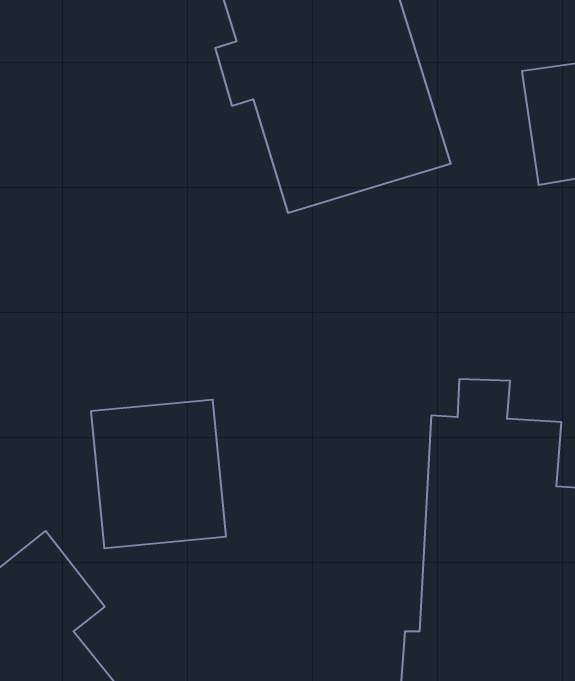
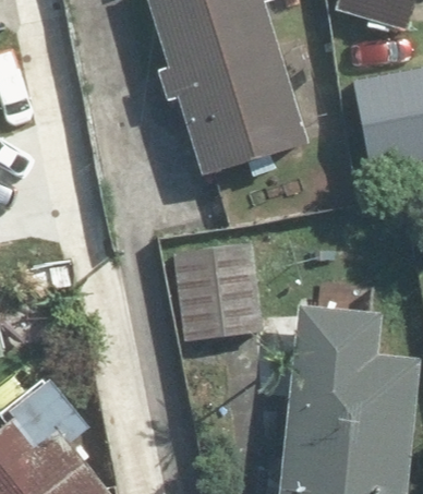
building: [91,400,226,548] -> [171,241,261,339]

